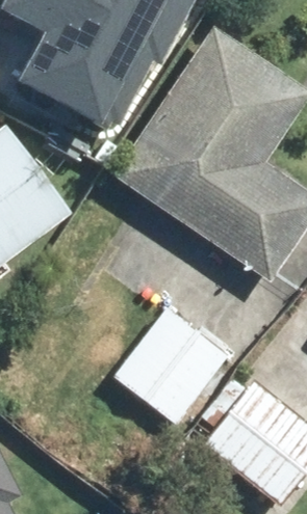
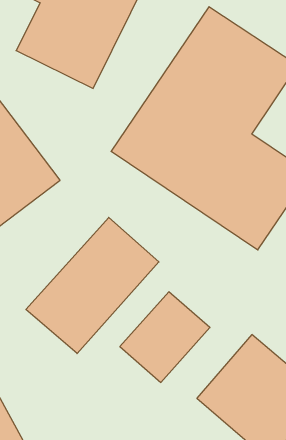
building: none -> [26,217,159,354]

